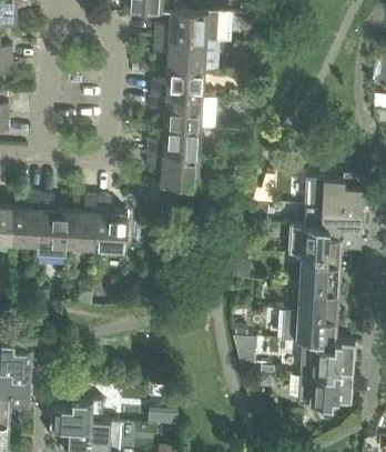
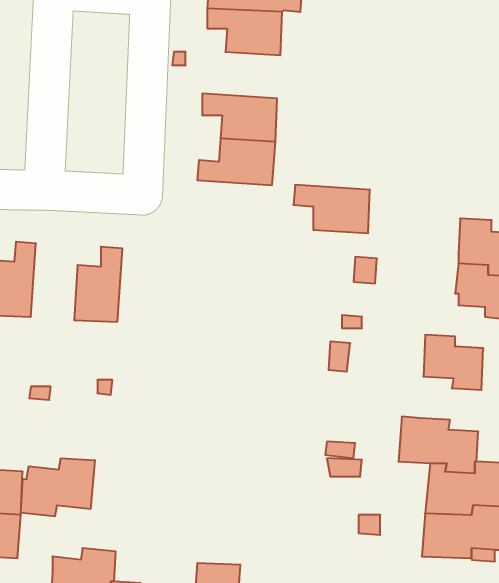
building: [151,69,203,100] -> none
building: [146,154,197,187] -> [293,185,370,233]
building: [37,197,68,259] -> none
building: [94,200,126,251] -> none
building: [290,228,339,267] -> none
building: [296,285,337,322] -> none
building: none -> [21,458,95,516]

